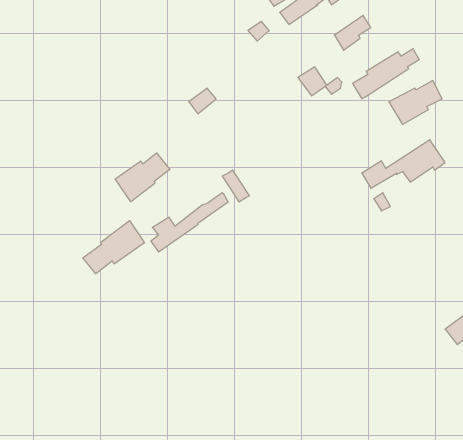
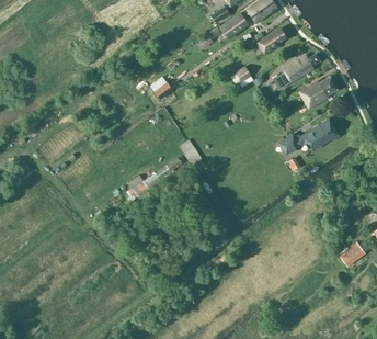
building: [115,153,170,202] -> none
building: [83,221,145,274] -> none

